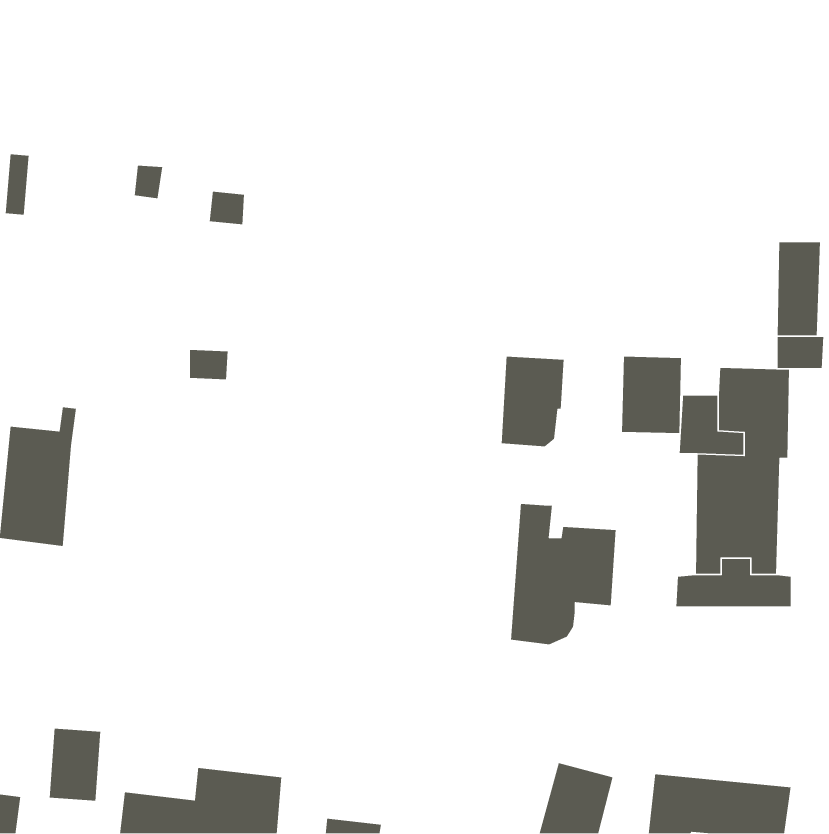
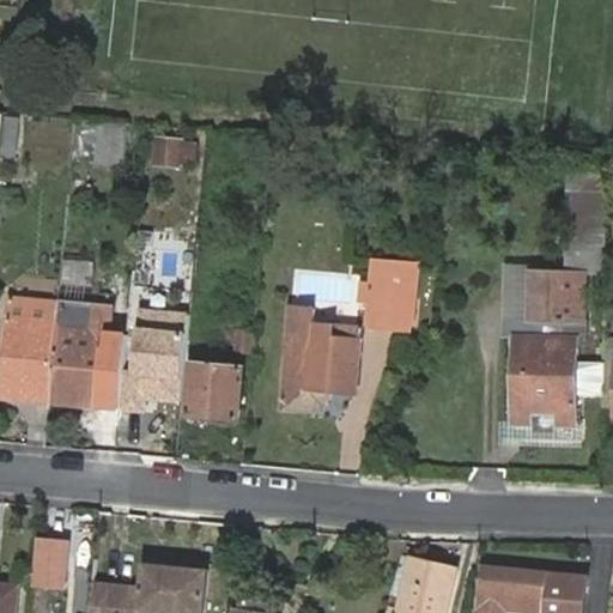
building: [621,356,682,434] -> none
building: none -> [47,306,110,405]
building: none -> [122,306,181,405]
building: none -> [186,364,239,420]
building: [510,503,616,645] -> [280,310,358,414]

